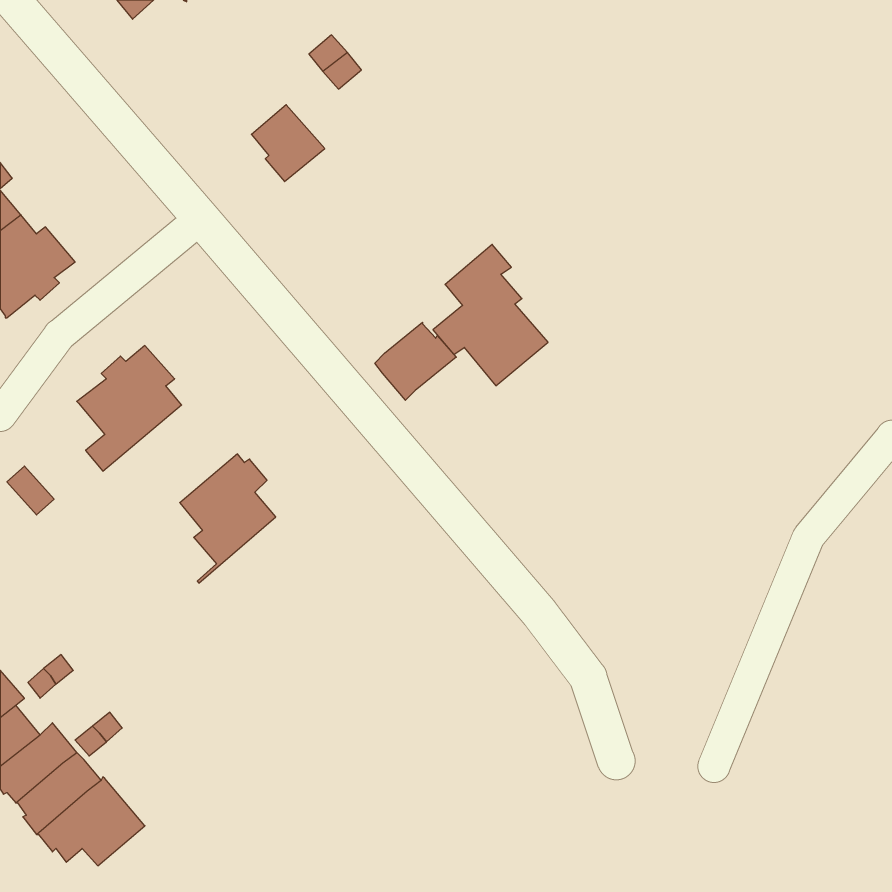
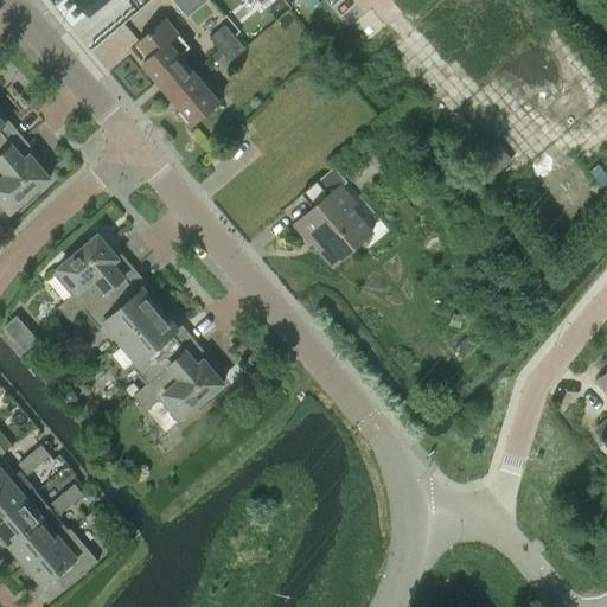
building: none -> [138,18,194,91]
building: [375,322,456,400] -> none
building: none -> [70,275,161,341]
building: none -> [135,351,224,421]

